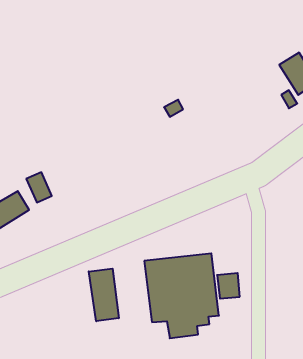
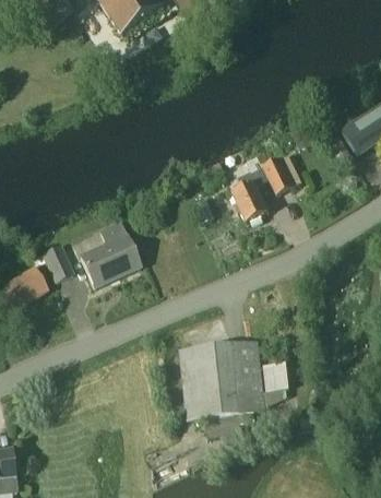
building: none -> [233,157,295,222]
building: none -> [80,220,140,286]
building: [89,269,119,321] -> none

